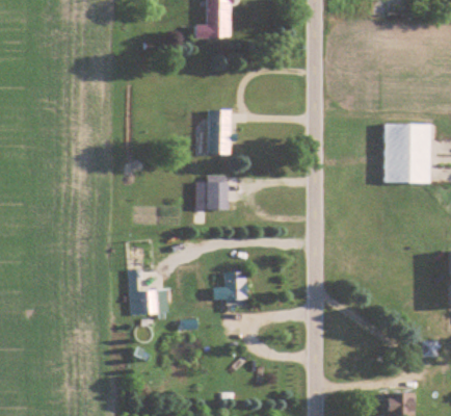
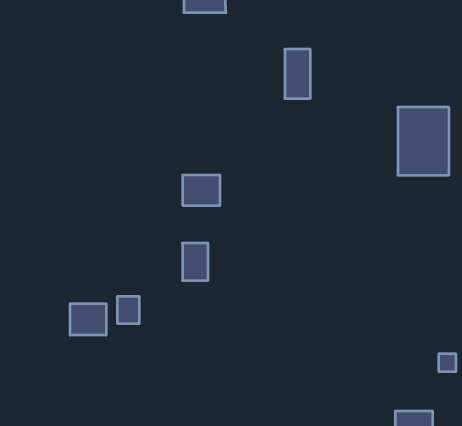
building: [207,109,230,153] -> [285,49,310,98]
building: [223,272,246,306] -> [182,243,208,280]
building: none -> [70,304,106,335]

